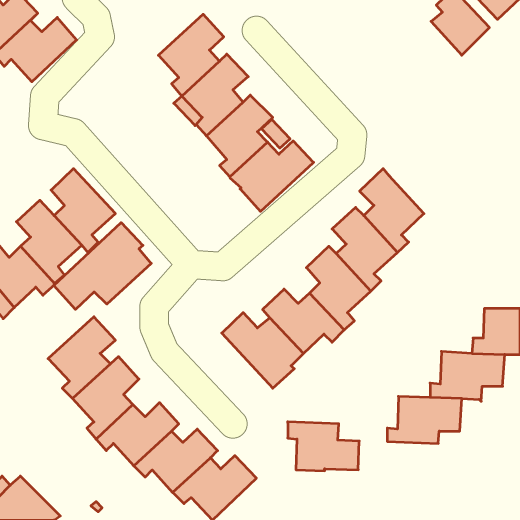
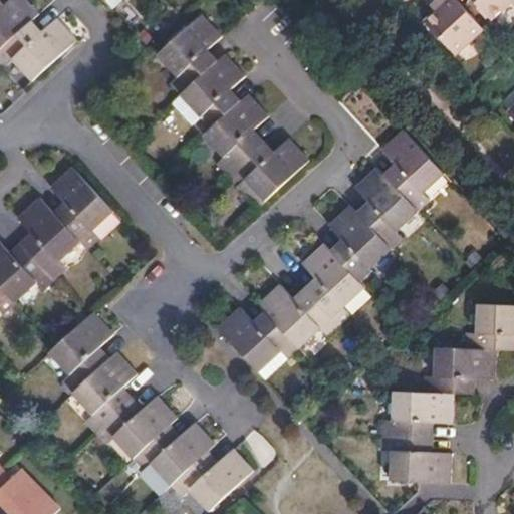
building: none -> [379,127,444,210]
building: [54,223,151,309] -> none
building: [288,422,359,471] -> [380,434,451,482]

